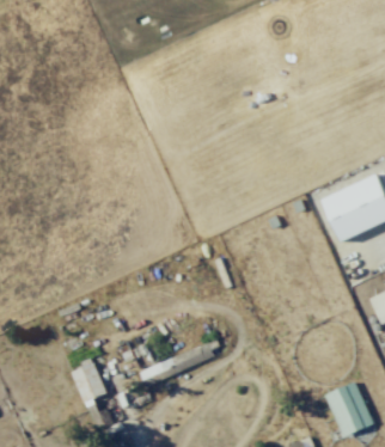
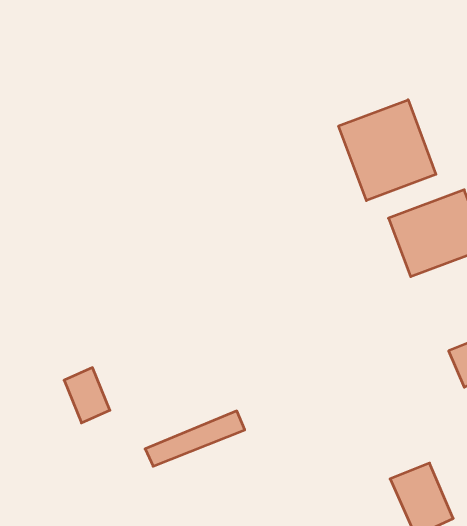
building: none -> [339,100,436,201]
building: [72,360,106,402] -> [64,368,110,423]

